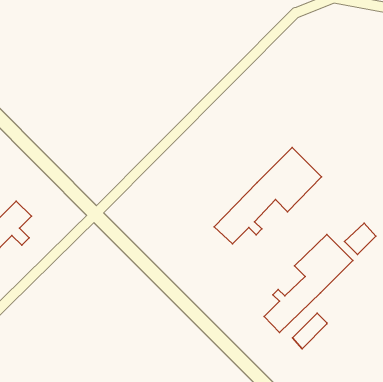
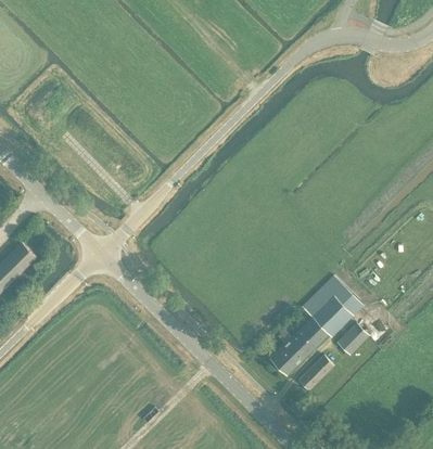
building: [214,148,321,244] -> none
building: [345,223,376,254] -> [336,324,368,356]

